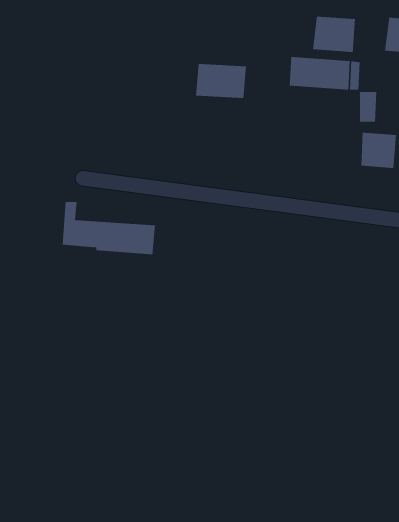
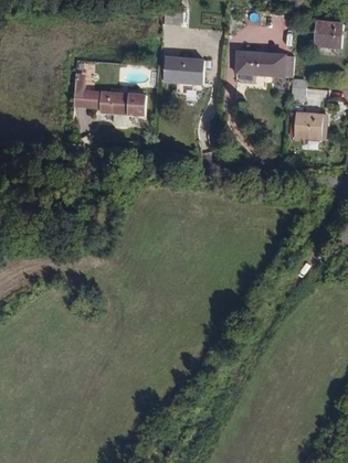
building: [313,16,356,53] -> none
building: [62,202,156,255] -> [73,75,147,117]

